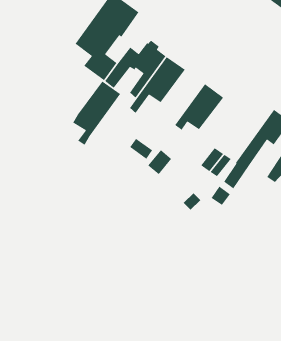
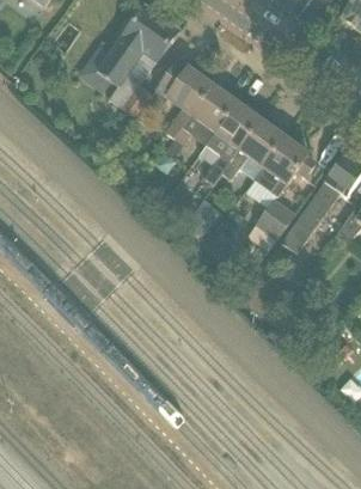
building: [72,81,121,146] -> [200,100,261,182]
building: none -> [253,135,314,194]

